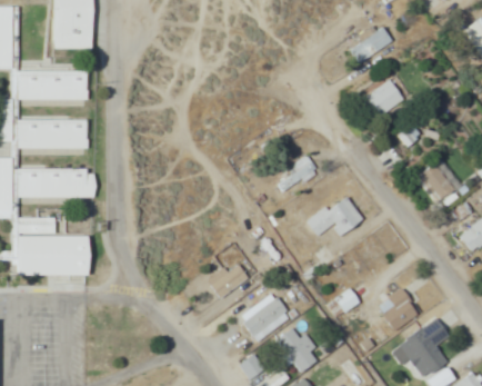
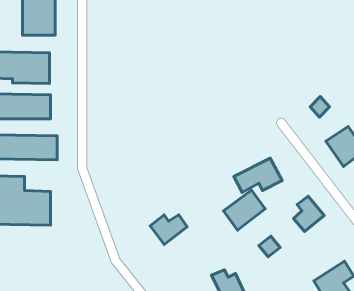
building: [350,29,395,63] -> none
building: [363,80,402,118] -> none
building: [275,156,319,192] -> none
building: [383,289,420,331] -> [293,196,324,231]
building: [242,295,292,343] -> [223,190,265,230]

